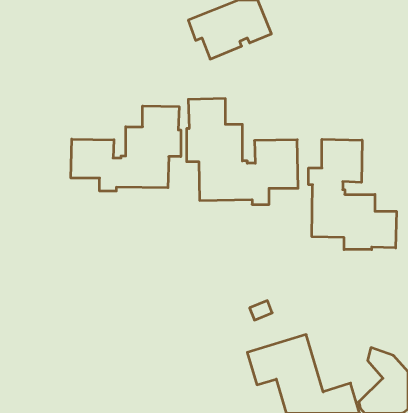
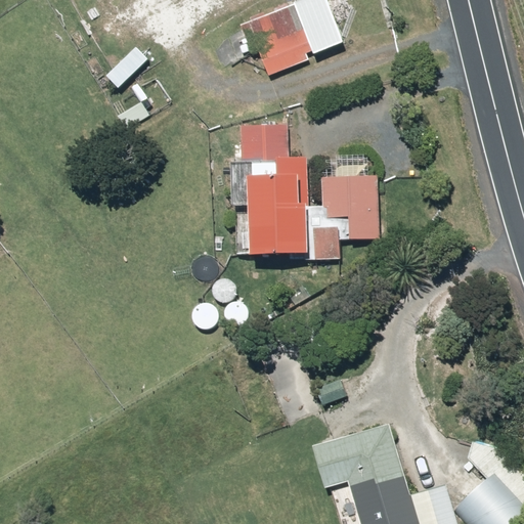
building: [71,106,181,191] -> none
building: [309,139,396,250] -> none

